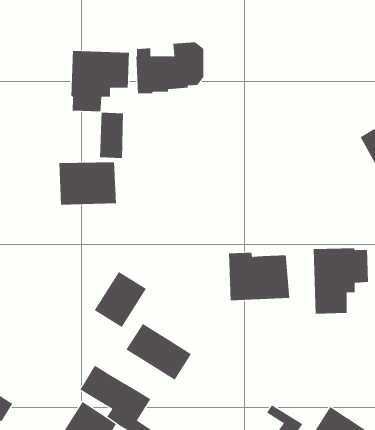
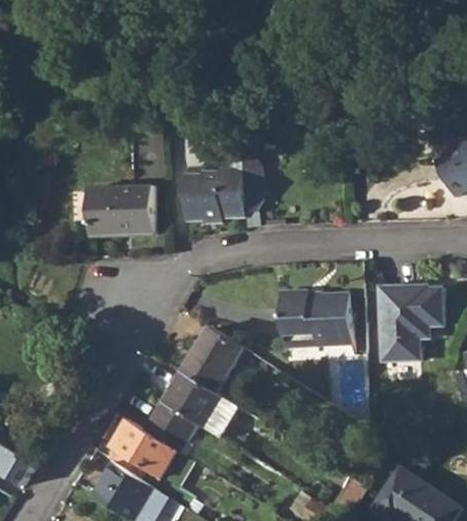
building: [135,42,204,94] -> [182,158,261,218]
building: [71,50,130,112] -> none
building: [94,271,147,328] -> [181,327,242,392]
building: none -> [143,402,196,451]

